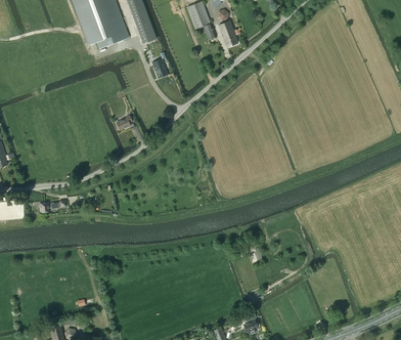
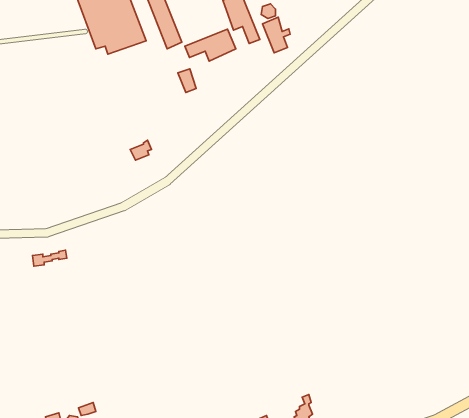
building: none -> [185,29,236,61]

